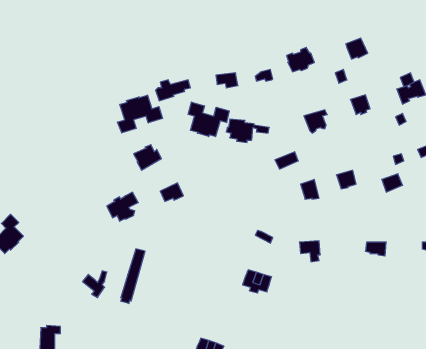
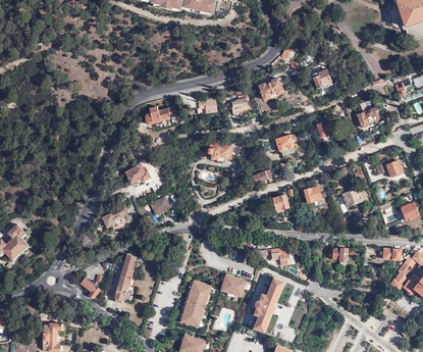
building: [117,95,163,133] -> none
building: [188,102,229,137] -> none
building: none -> [254,276,284,333]
building: none -> [180,280,209,325]

